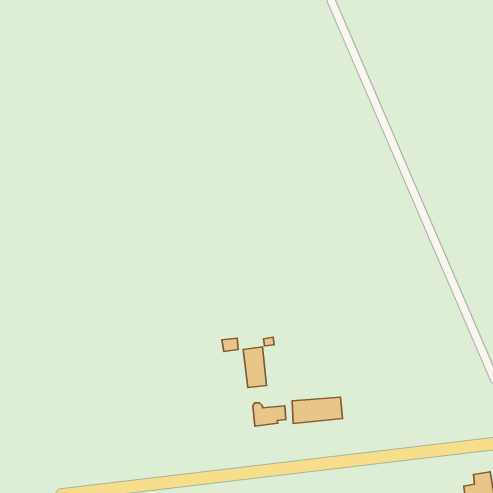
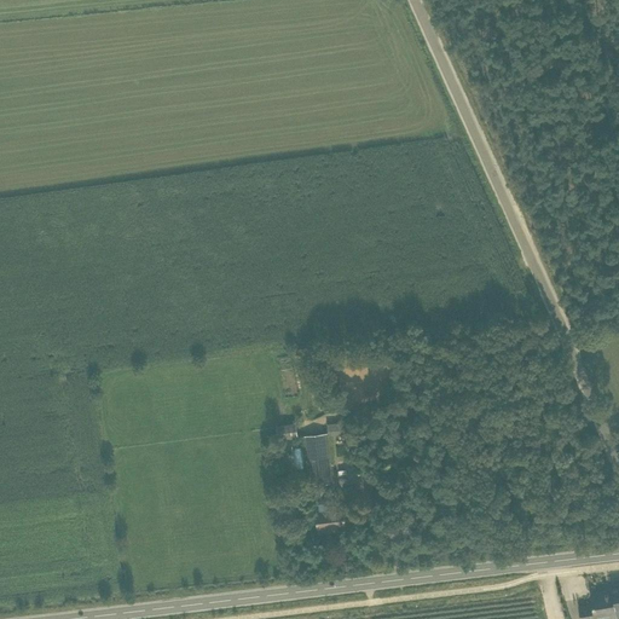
building: [292,397,343,423] -> none

